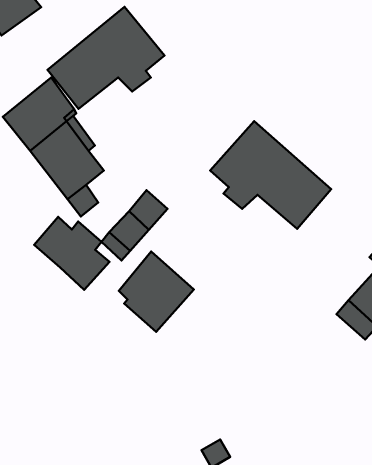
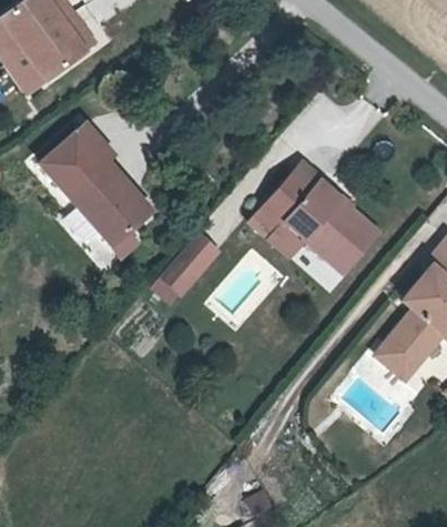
building: [47,7,165,109] -> none
building: [34,217,109,290] -> none
building: [119,252,194,332] -> none

